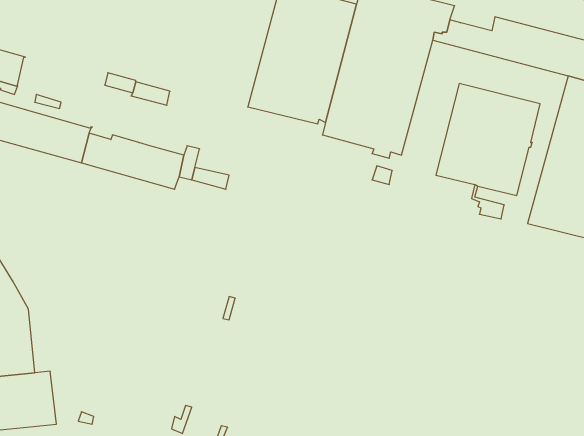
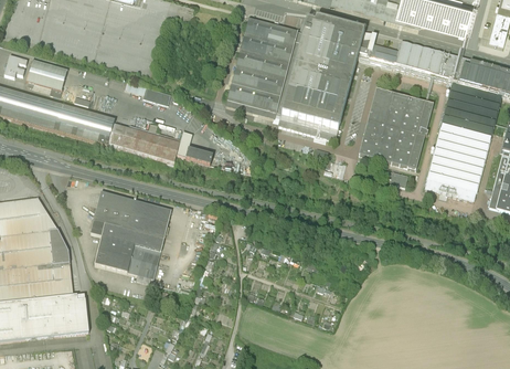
building: none -> [91,191,172,278]

